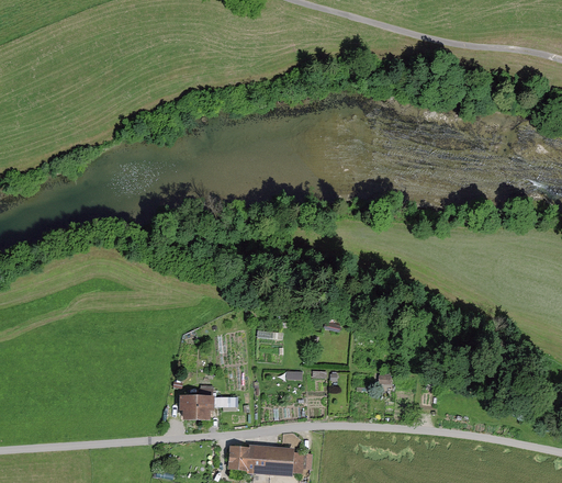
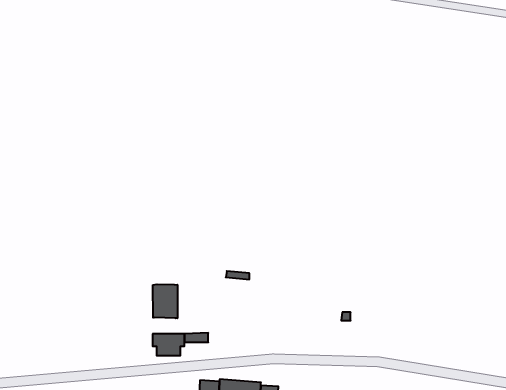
building: none -> [153,284,177,318]

